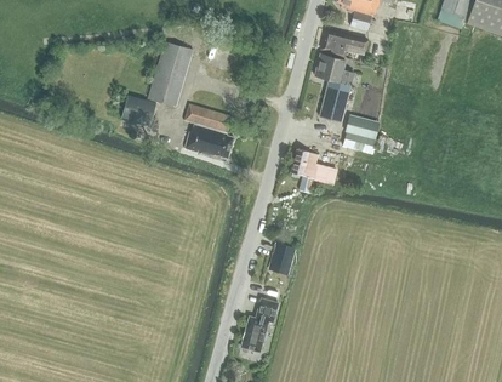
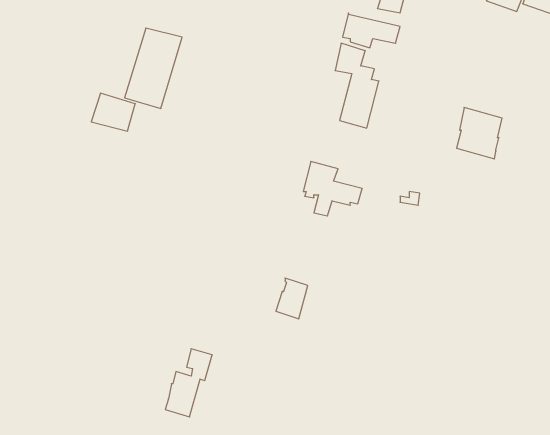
building: [183,103,233,158] -> none
building: [342,113,378,154] -> [457,107,502,159]
building: [240,297,278,352] -> [165,349,212,417]

